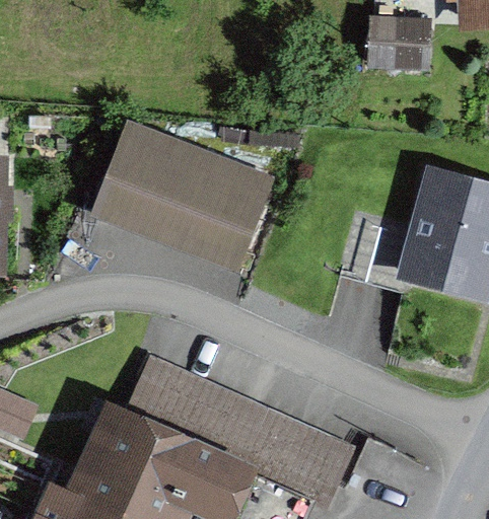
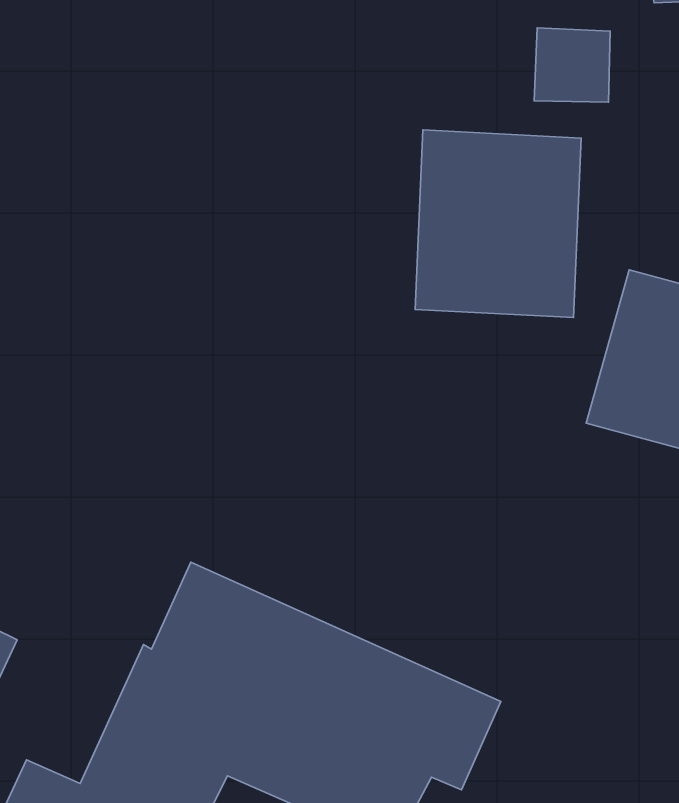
building: none -> [415,130,581,318]
building: [100,129,266,253] -> none

